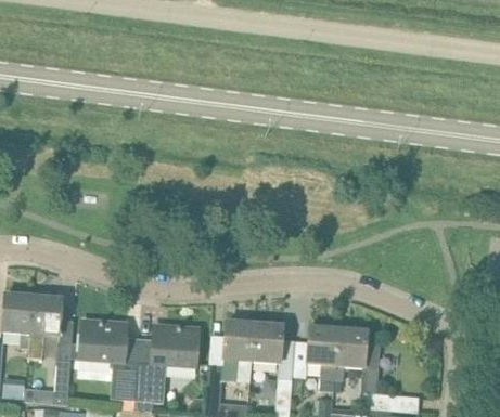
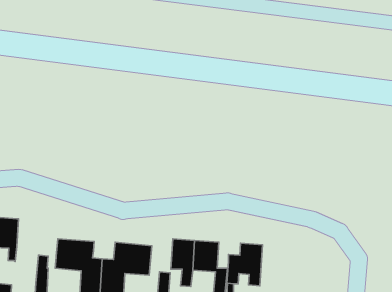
building: [28,295,63,356] -> none
building: [334,327,380,379] -> none

